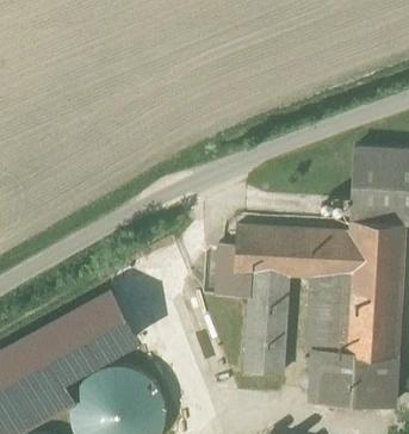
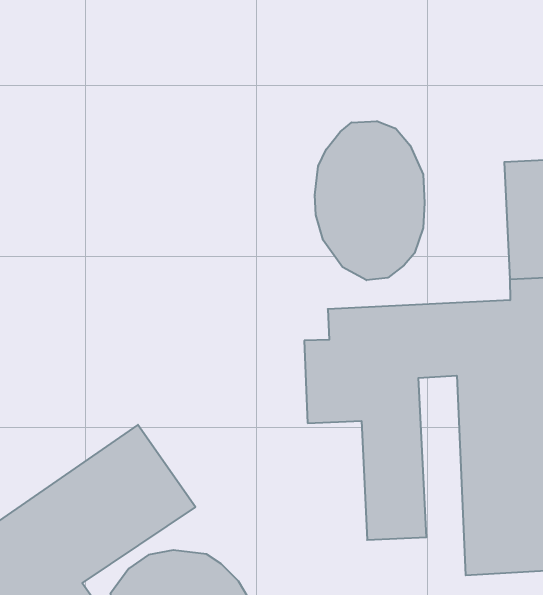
building: none -> [315,121,425,280]

